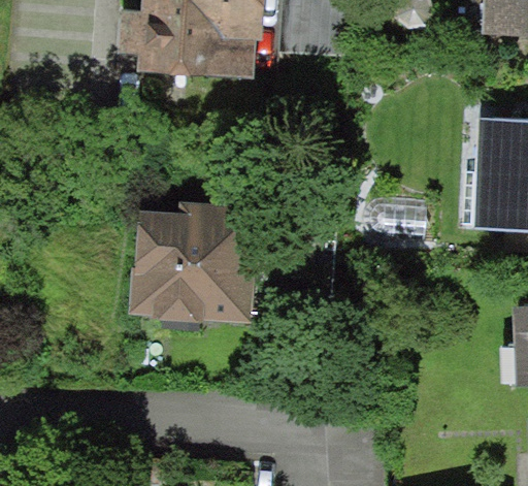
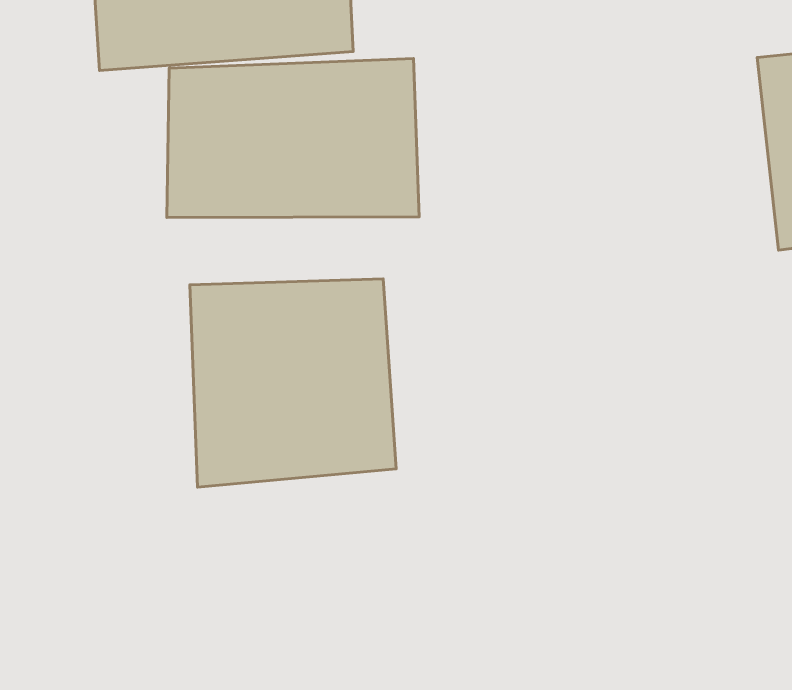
building: none -> [167,58,419,218]

